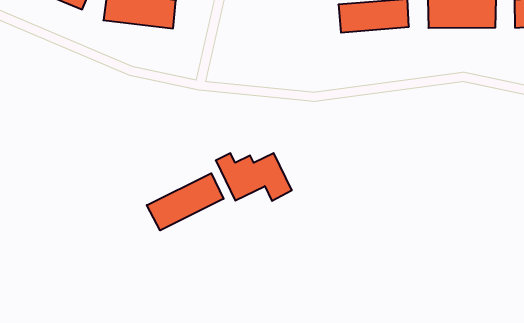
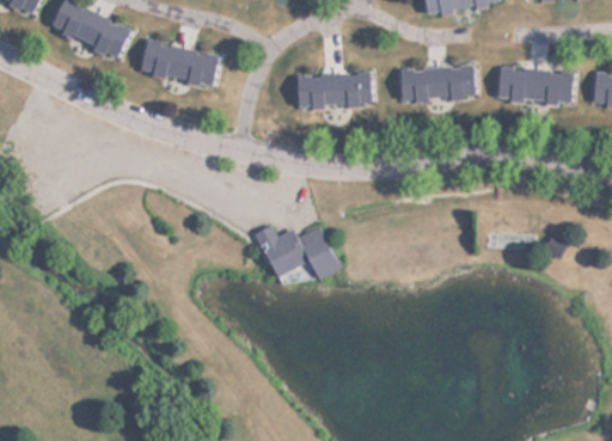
building: none -> [293,73,372,106]
building: [147,173,224,230] -> none

